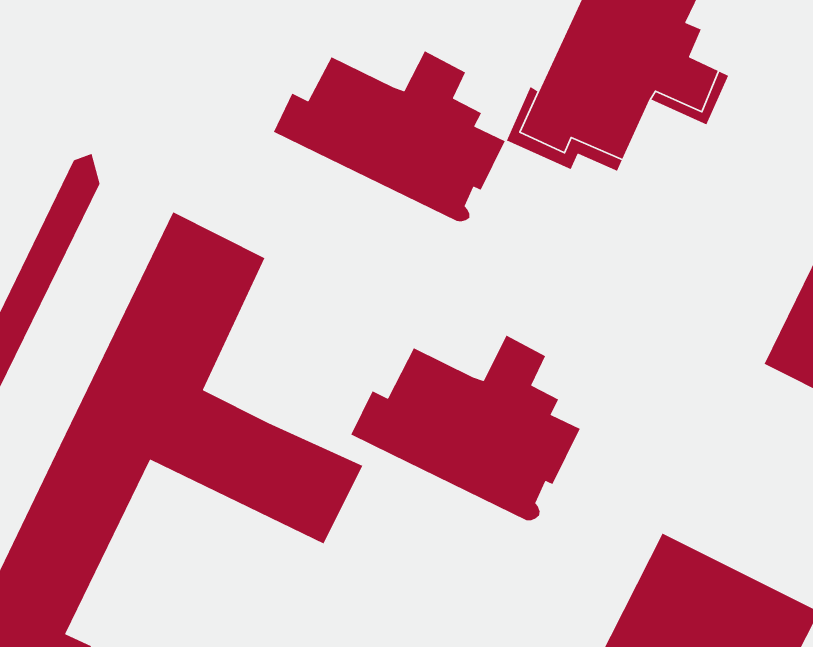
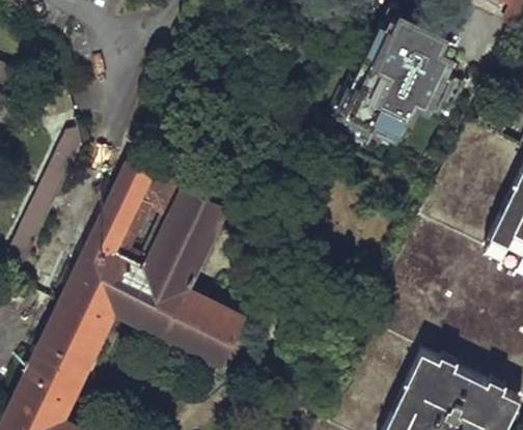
building: [273,50,506,222] -> none
building: none -> [147,189,226,288]
building: [350,334,581,521] -> none

